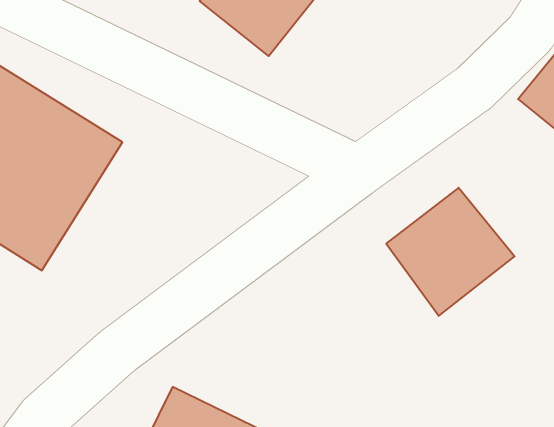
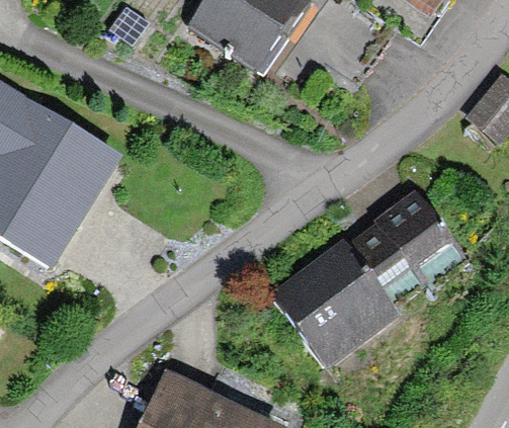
building: none -> [271,236,402,367]

